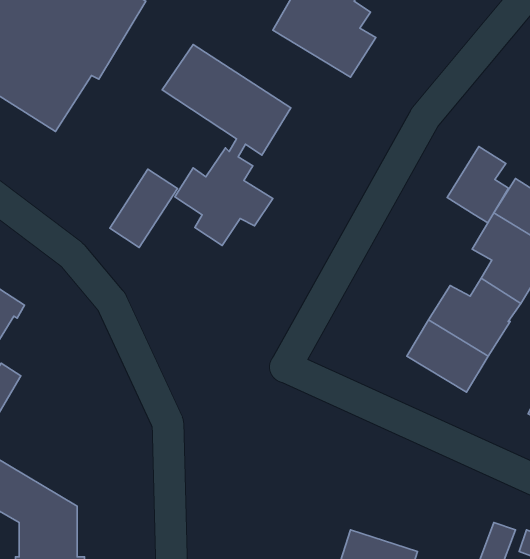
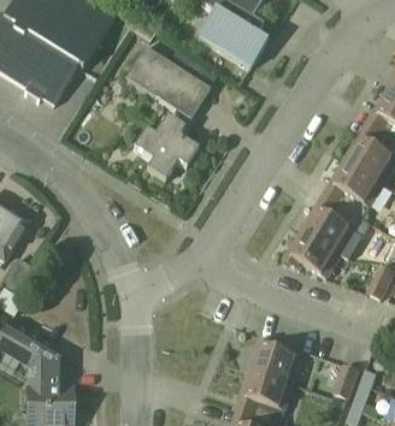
building: [447,147,508,223] -> none
building: [110,169,177,247] -> none
building: none -> [249,343,301,383]

